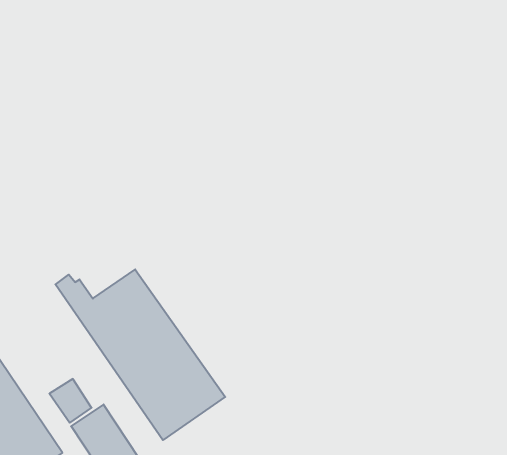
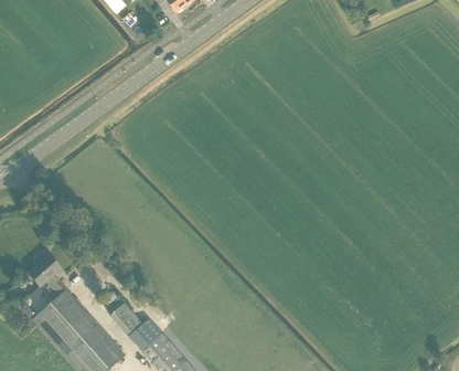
building: [55,269,225,440] -> none

